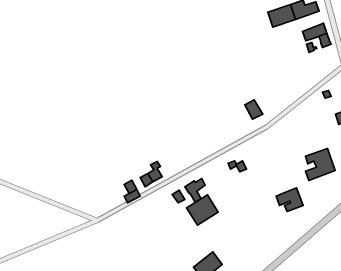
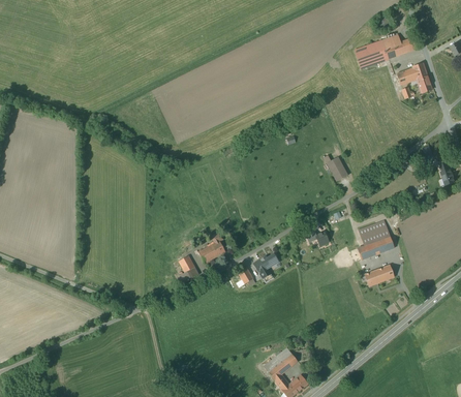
building: [305,148,335,181] -> [357,220,393,259]
building: [187,195,218,225] -> none

